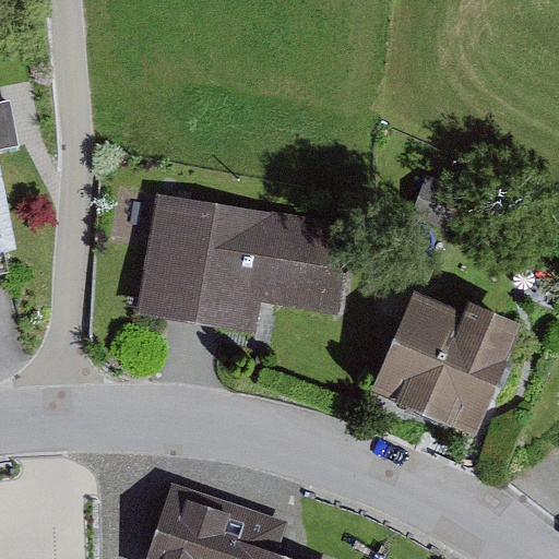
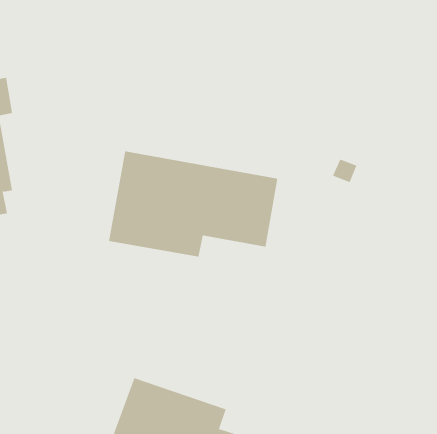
building: [369,288,521,430] -> none

